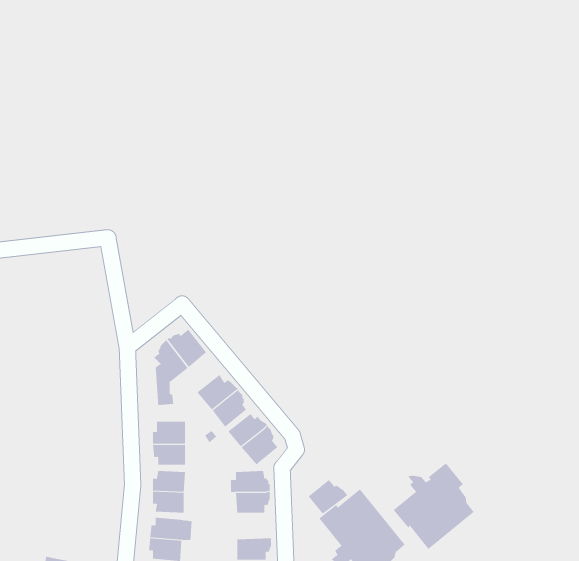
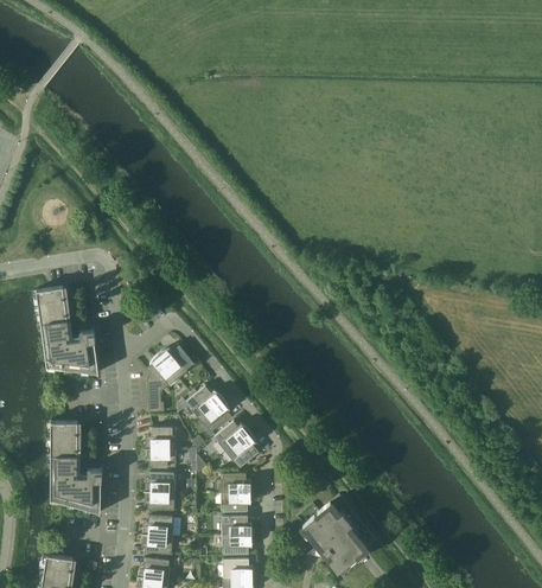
building: none -> [37,287,98,375]
building: none -> [50,417,102,513]
building: [393,462,475,550] -> none
building: [308,479,348,514] -> none
building: none -> [222,516,254,536]

